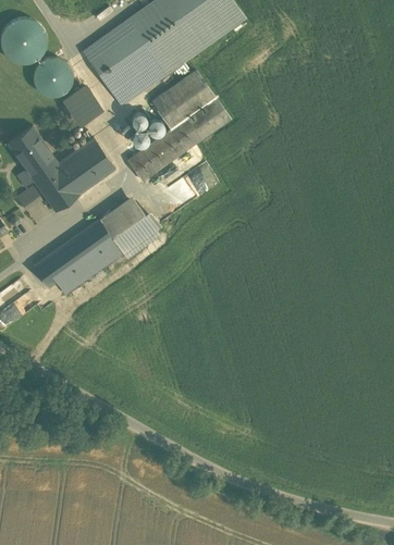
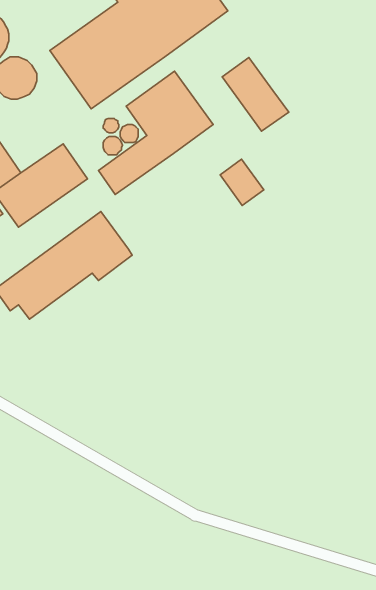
building: none -> [222,58,289,131]
building: [60,84,100,124] -> none
building: none -> [220,159,264,206]

